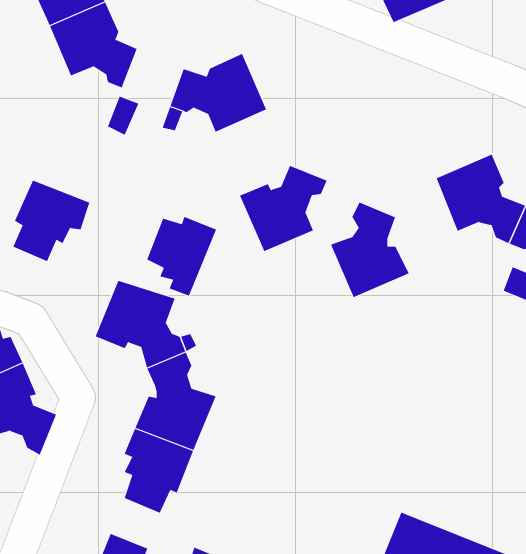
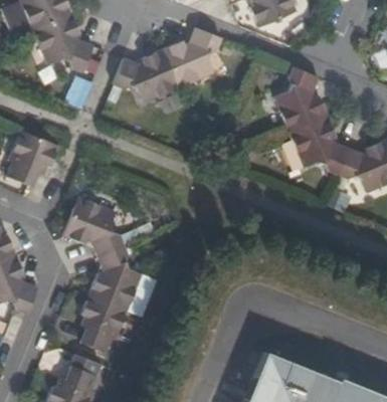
building: [239,165,328,252] -> [161,28,219,85]
building: [330,202,409,298] -> [273,67,326,131]
building: [147,216,217,297] -> none

